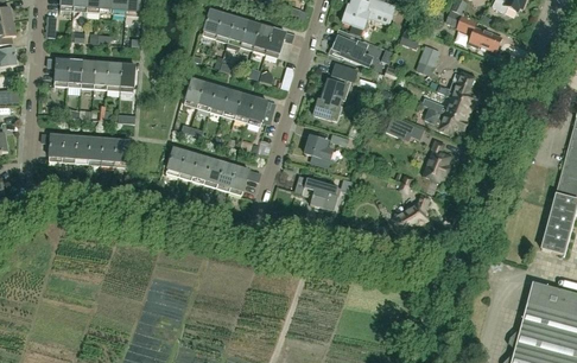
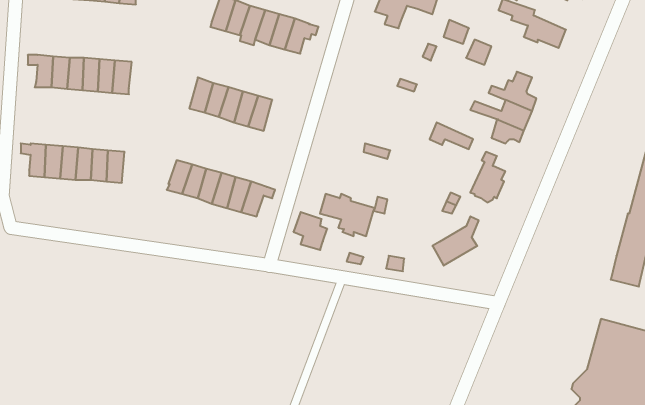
building: [332,36,373,66] -> none
building: [313,63,356,120] -> none
building: [247,96,275,126] -> none
building: [304,135,332,167] -> [293,212,327,250]

